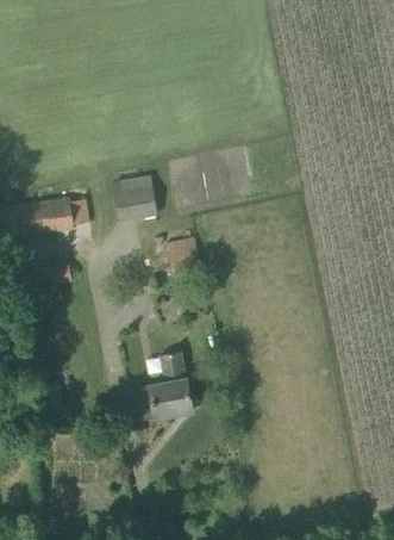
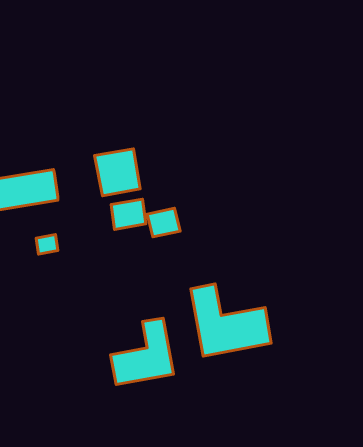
building: none -> [111,199,146,229]
building: none -> [191,284,271,356]

